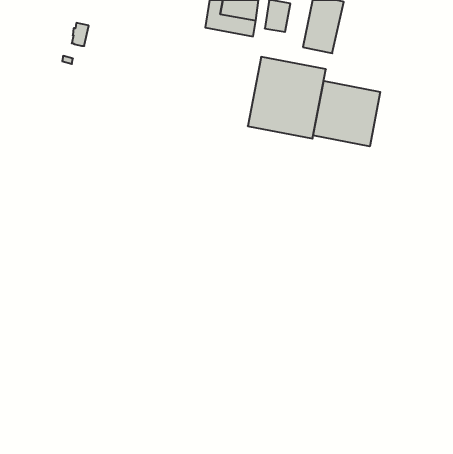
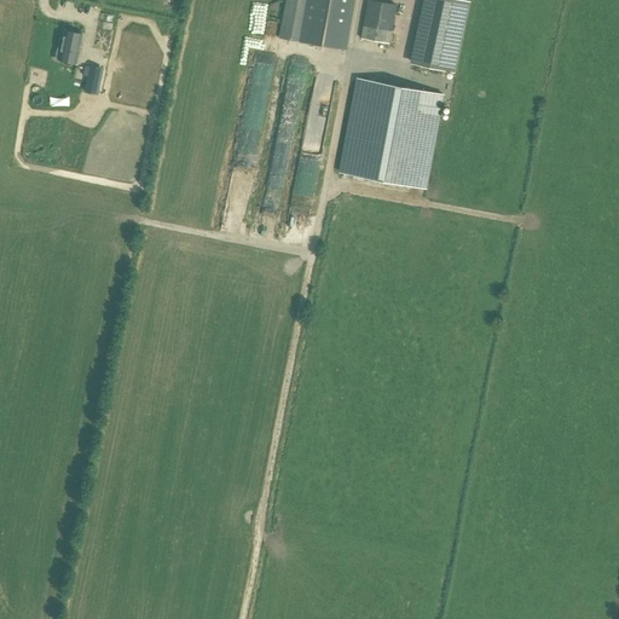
building: [72,23,89,46] -> [58,31,81,63]
building: [313,81,380,146] -> none

